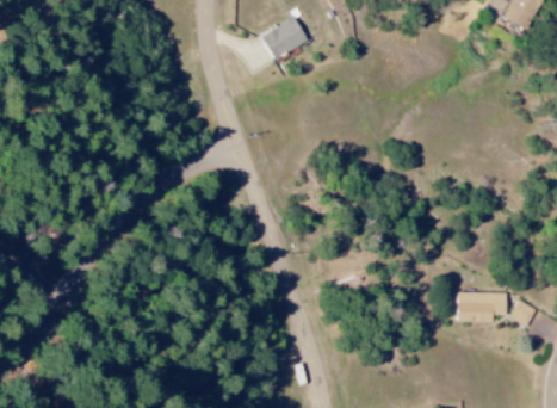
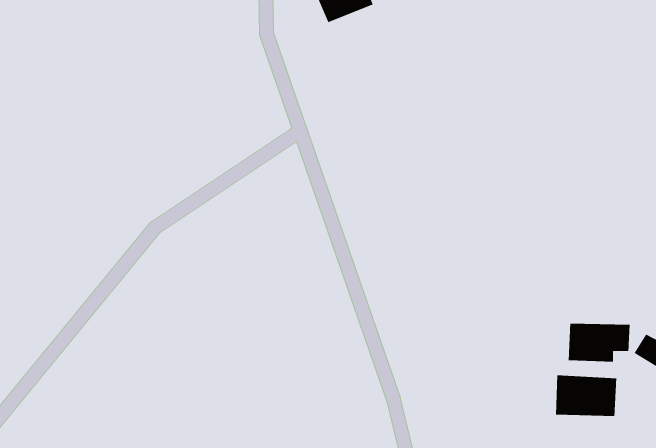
building: none -> [555,375,617,417]

